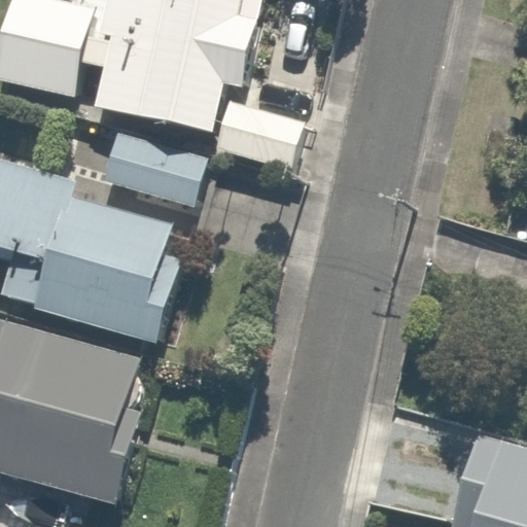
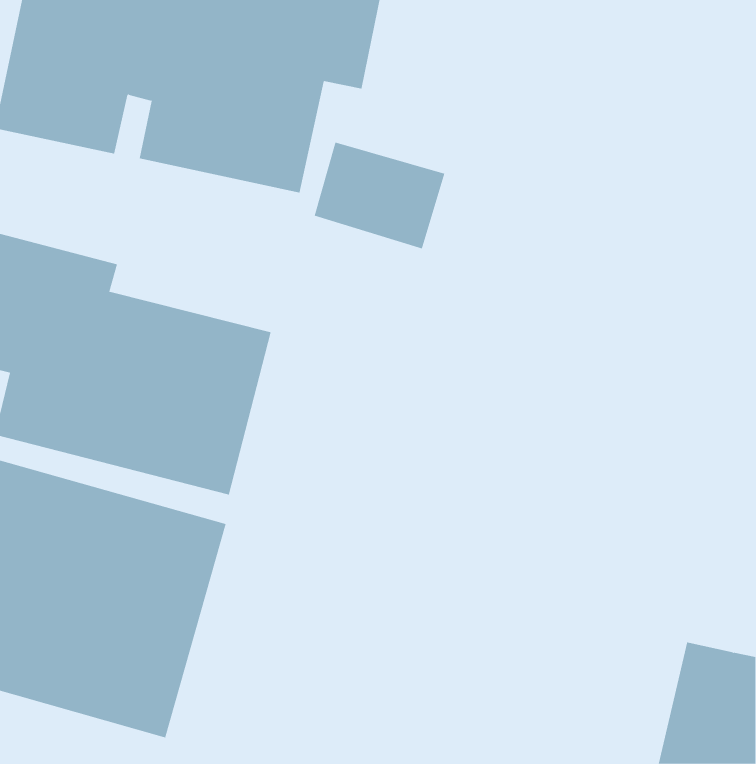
building: [97,136,207,212] -> none

